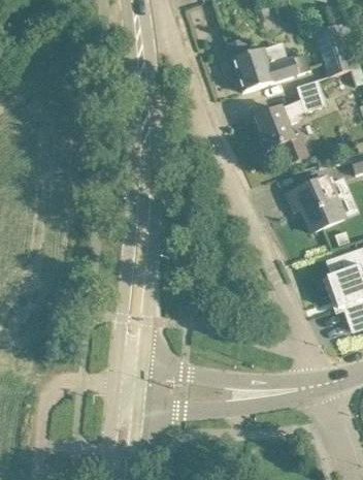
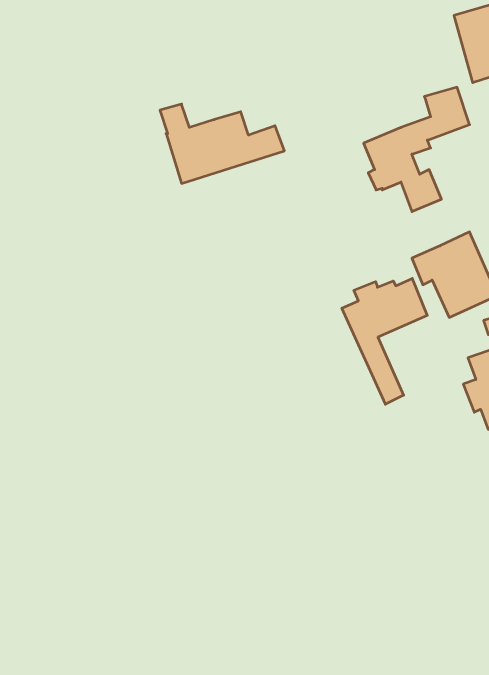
building: [227,38,309,91] -> [160,104,284,183]
building: none -> [342,278,427,404]

